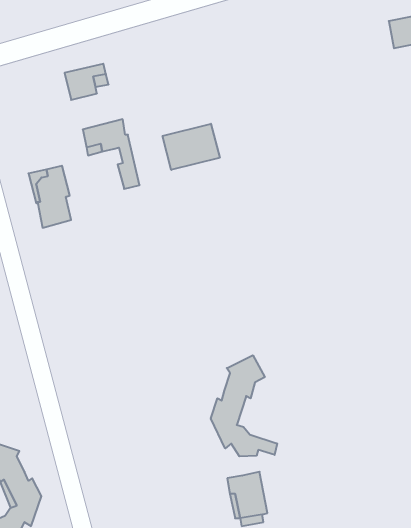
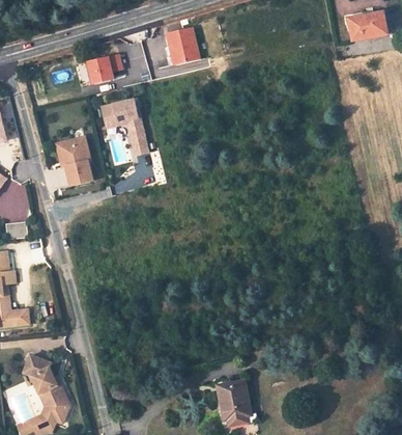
building: none -> [168,29,199,65]
building: [163,124,220,170] -> none
building: [211,355,277,456] -> none

